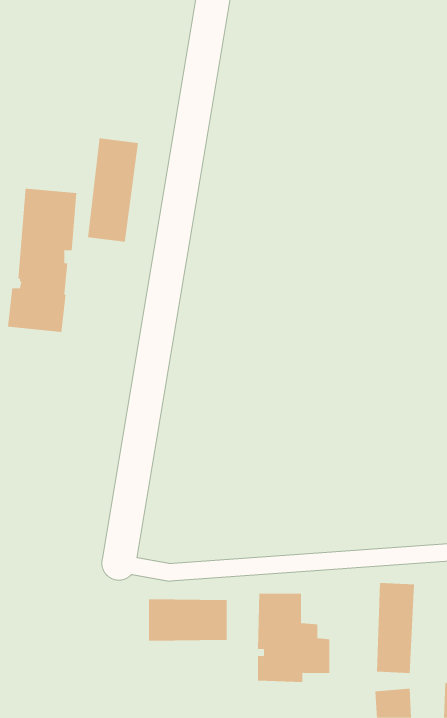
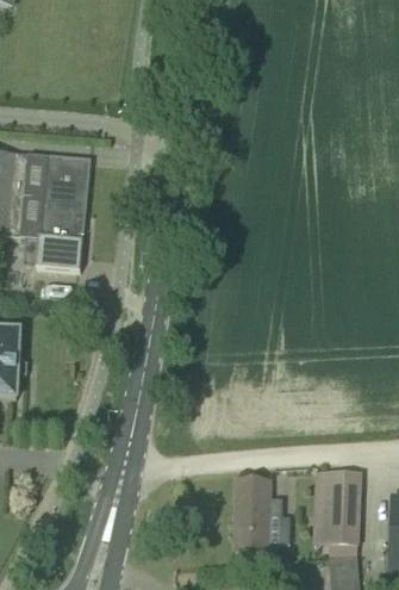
building: [87,138,139,242] -> none
building: [149,599,227,641] -> none

